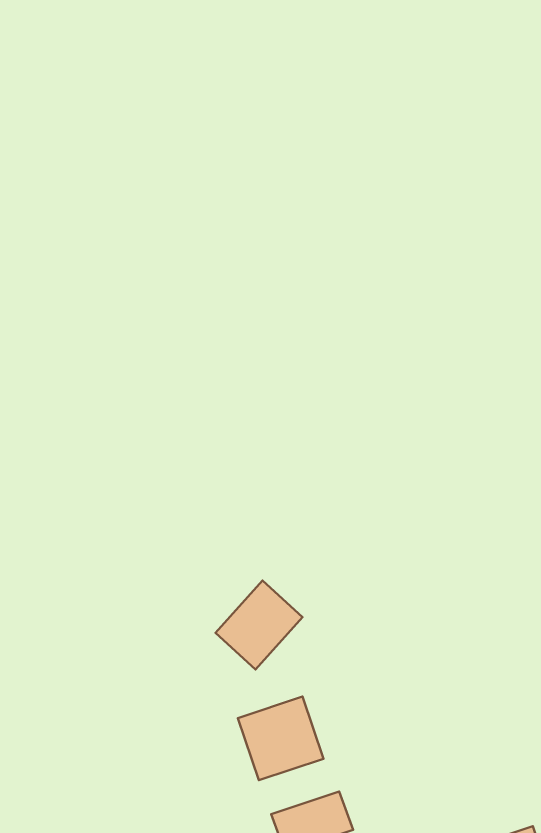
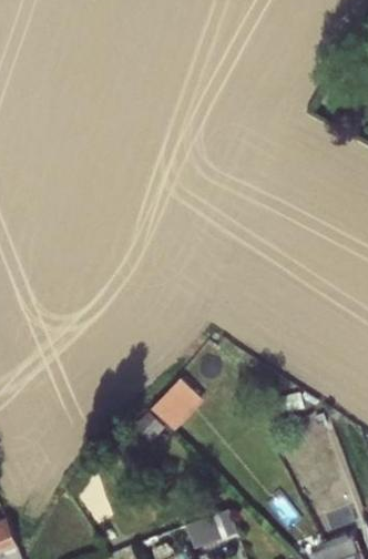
building: [238,697,324,780] -> none

